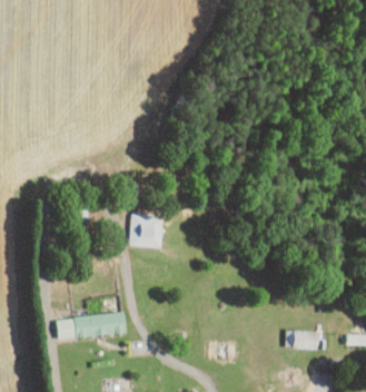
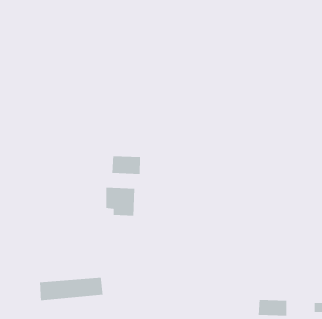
building: none -> [111,155,141,175]

